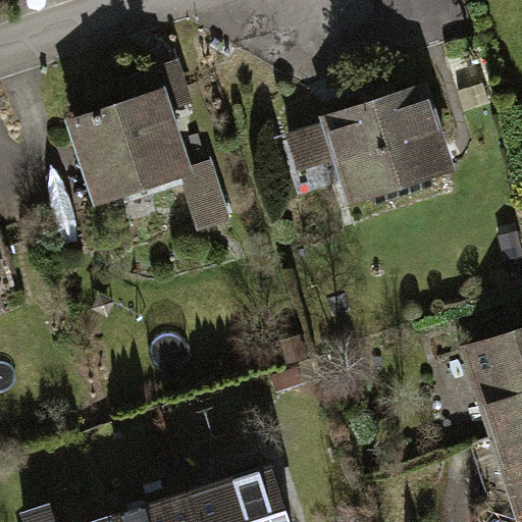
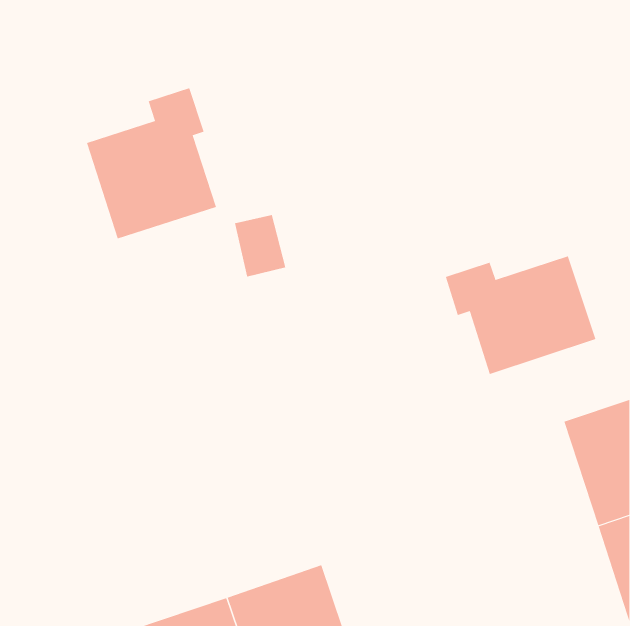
building: [323,90,447,201] -> none
building: none -> [445,256,596,375]

